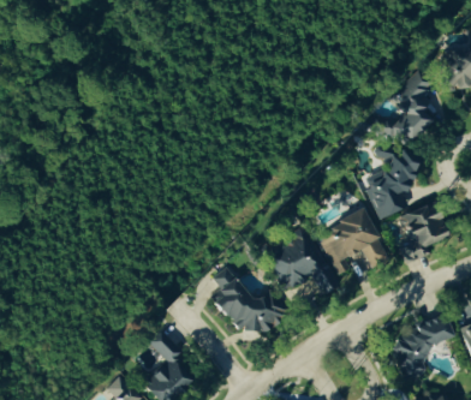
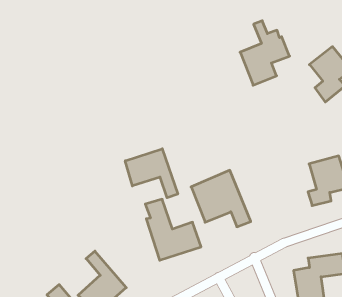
building: [364,143,422,219] -> [240,21,290,85]
building: [318,210,388,274] -> none
building: none -> [125,149,178,198]

